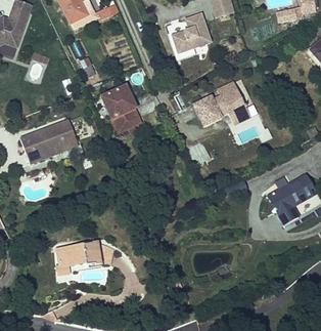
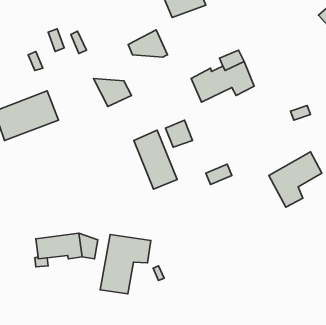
building: [104,84,140,109] -> [128,30,167,57]
building: none -> [134,130,177,189]
building: none -> [100,234,151,294]

